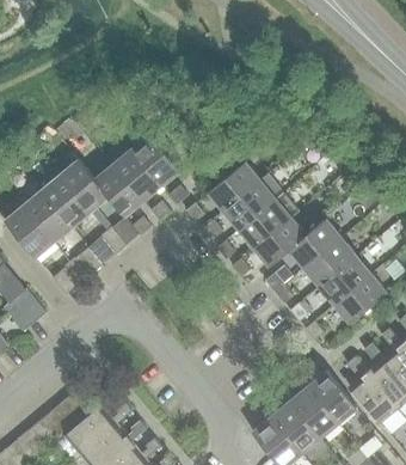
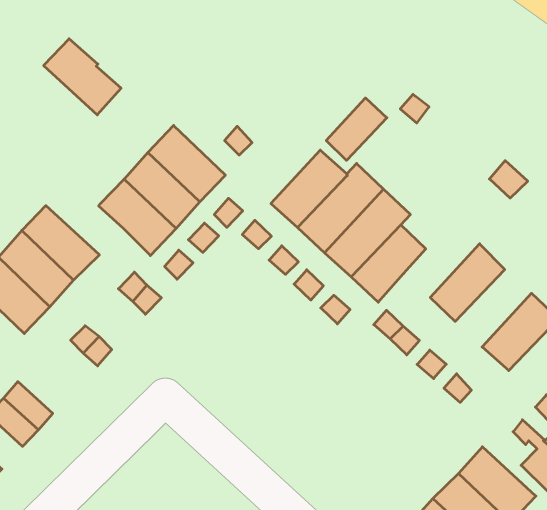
building: none -> [326,98,387,160]
building: [59,160,107,213] -> [44,39,121,115]
building: [288,220,340,269] -> none
building: [318,257,370,306] -> none

